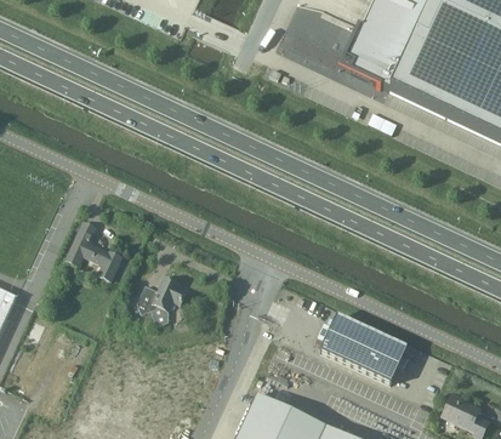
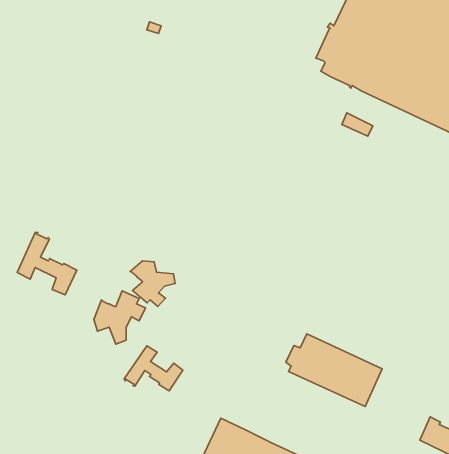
building: none -> [130,261,175,306]
building: none -> [124,346,183,391]

